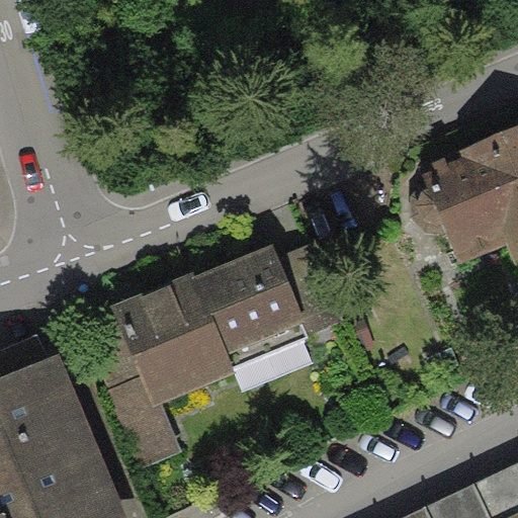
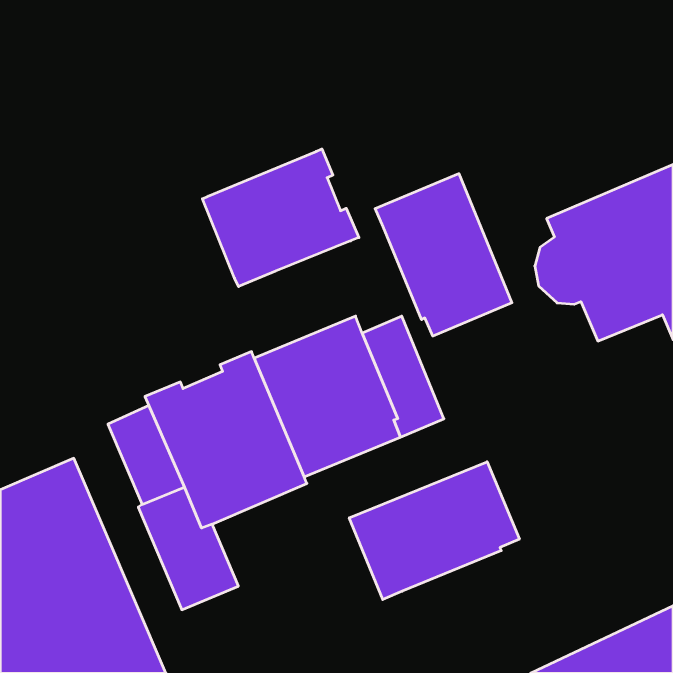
building: none -> [202,149,359,287]
building: none -> [375,174,512,336]
building: none -> [349,462,519,600]

